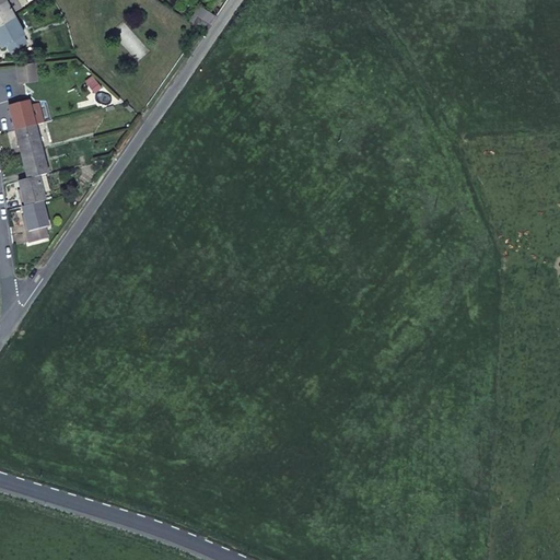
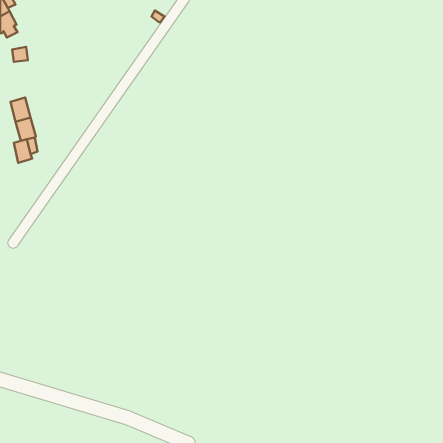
building: [9,98,34,128] -> none
building: [22,200,47,241] -> none

